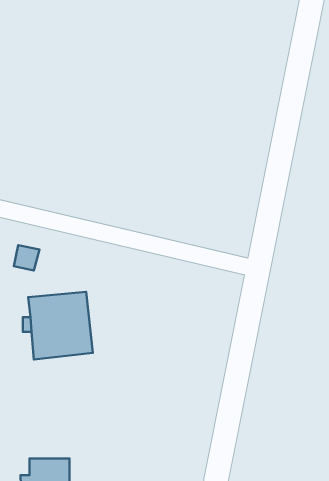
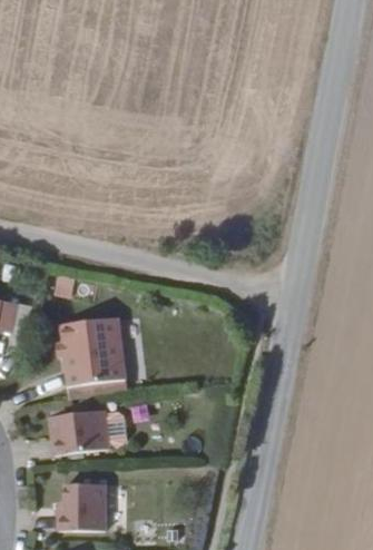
building: none -> [50,410,110,455]

